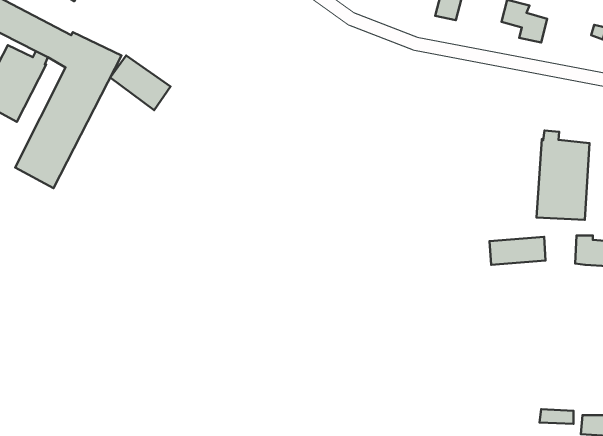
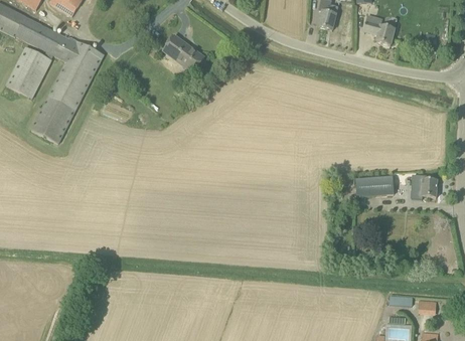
building: [110,56,171,110] -> [163,35,204,72]
building: [536,131,589,220] -> none

